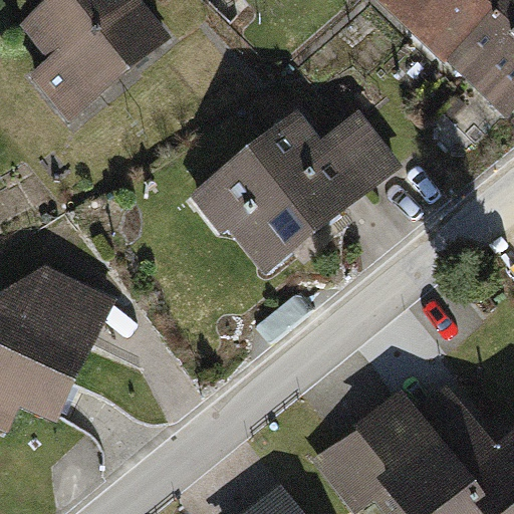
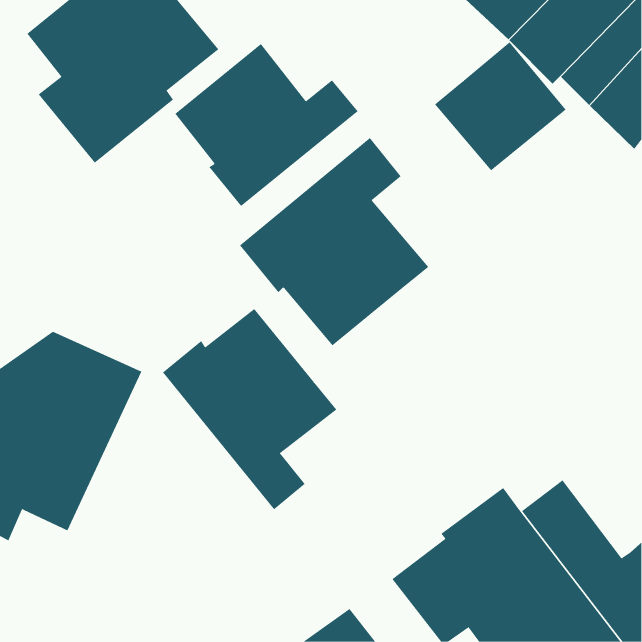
building: none -> [174,43,359,207]
building: [297,109,403,213] -> [434,42,567,171]
building: none -> [162,308,337,510]

